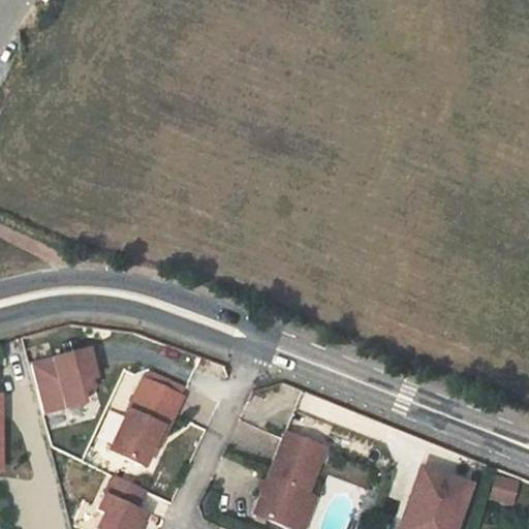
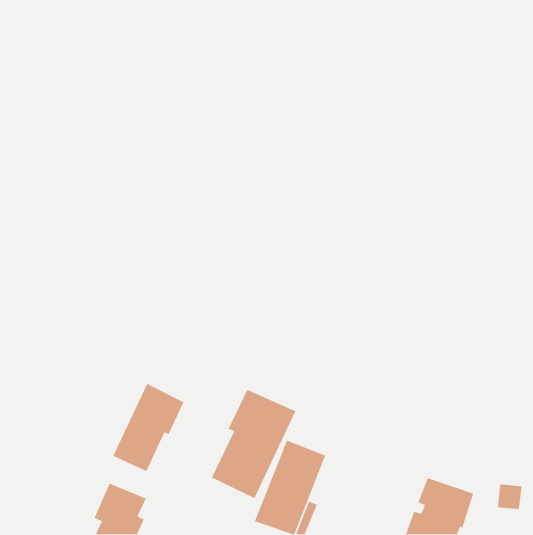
building: [33,349,96,415] -> none
building: none -> [211,389,296,499]

